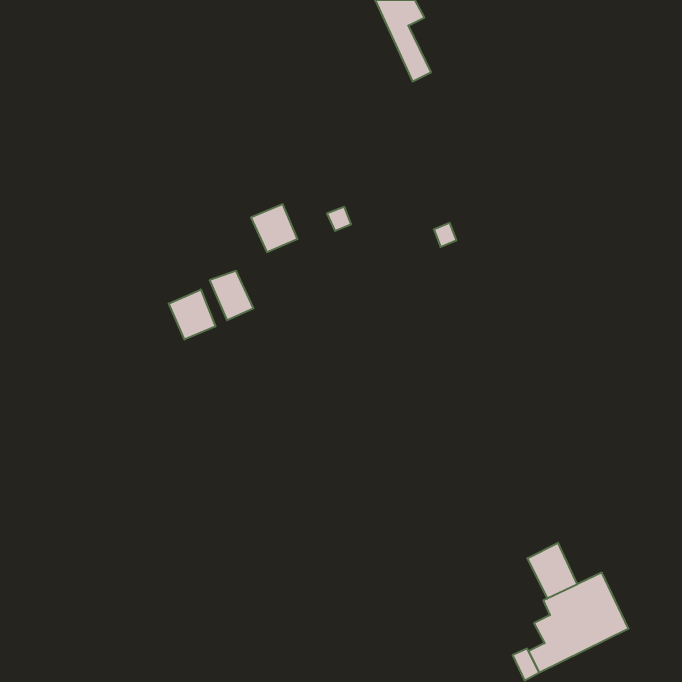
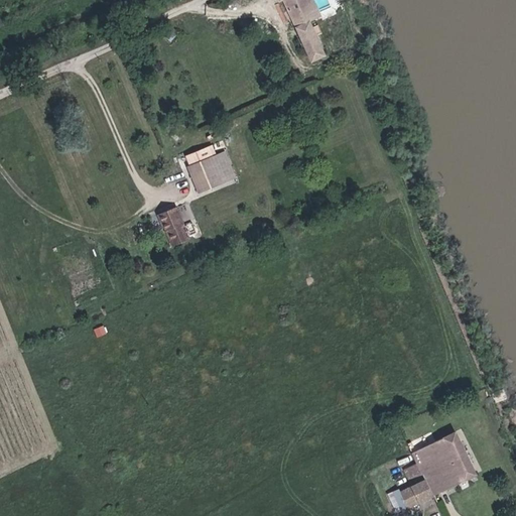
building: [169,289,215,340] -> none
building: [527,543,577,599] -> none

